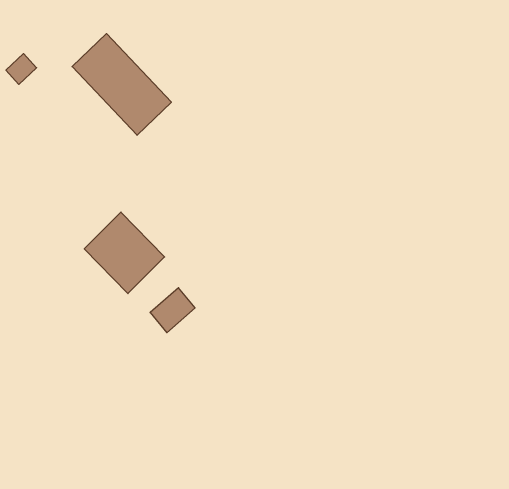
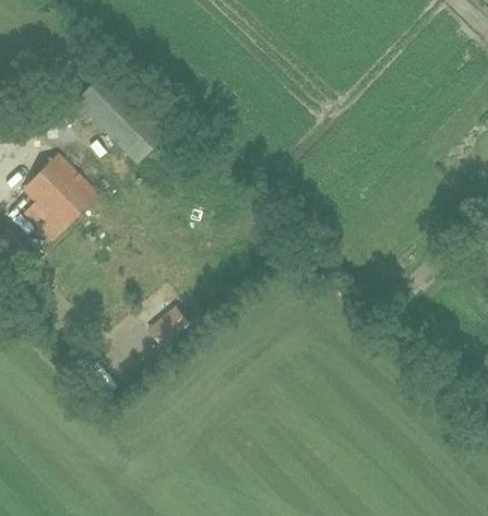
building: [84,212,165,294] -> [22,155,96,230]

